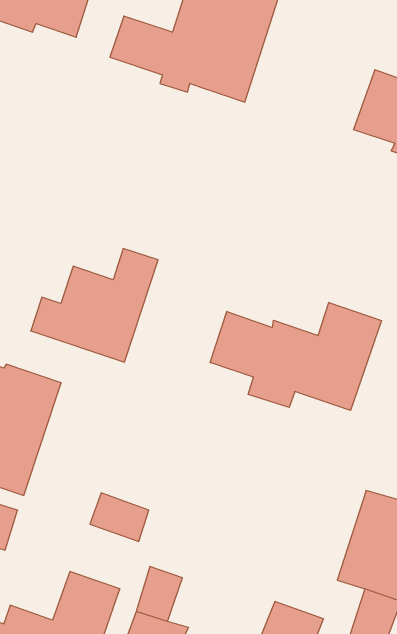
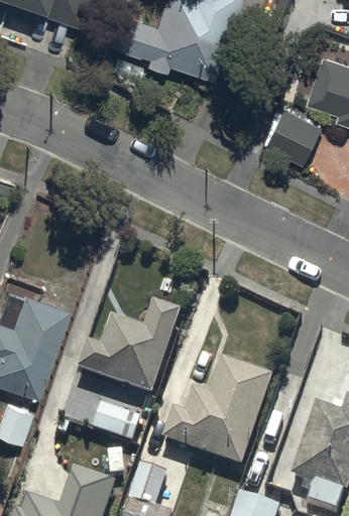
building: none -> [264,111,320,167]
building: [31,249,158,362] -> [77,297,180,389]
building: [210,302,382,410] -> none
building: none -> [161,353,272,462]

